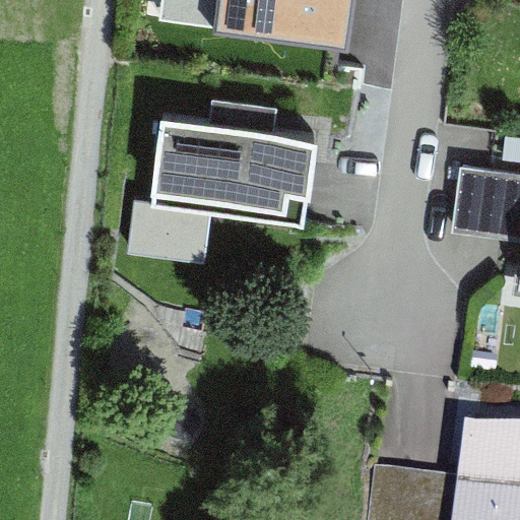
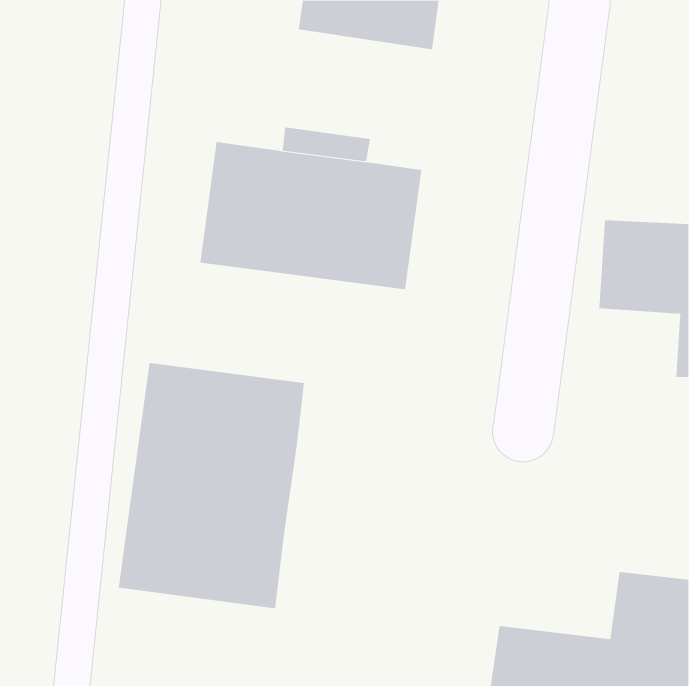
building: [129,198,212,259] -> none
building: none -> [118,362,305,609]

